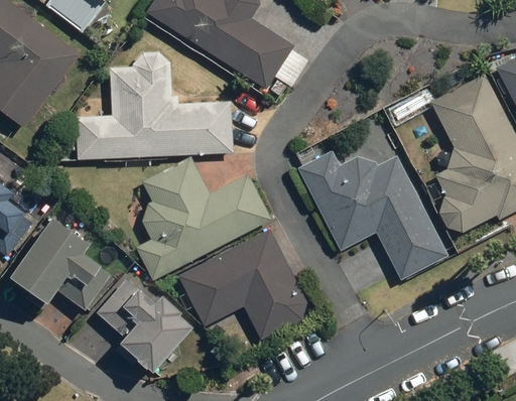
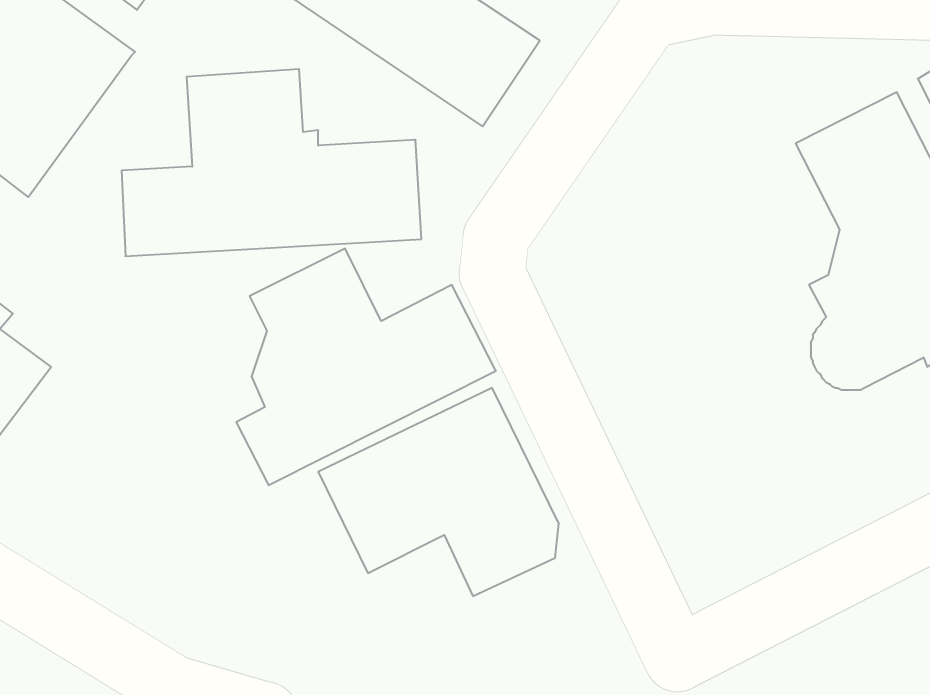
building: [297,148,447,281] -> none
building: [17,215,105,299] -> none
building: [100,277,198,367] -> none

